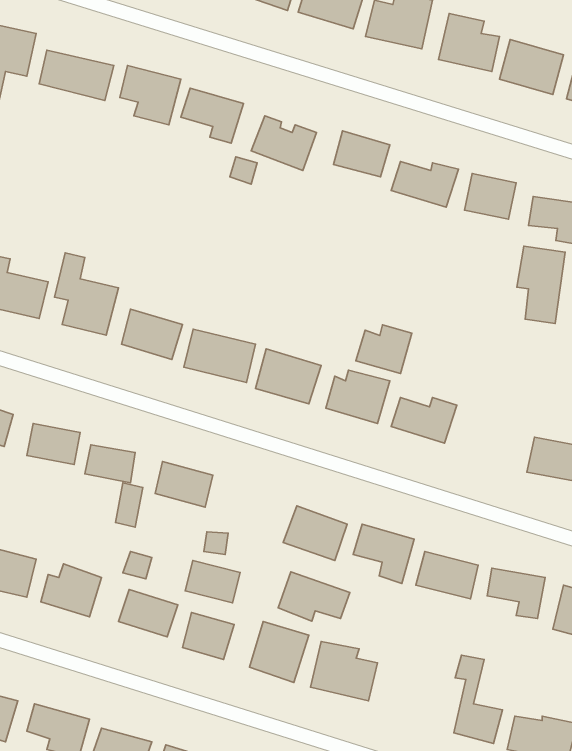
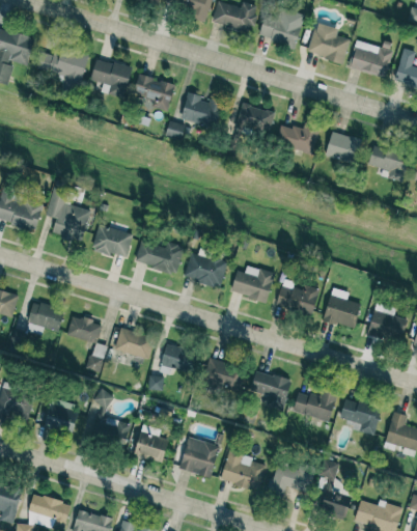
building: [517,246,565,324] -> none
building: [356,325,412,374] -> none
building: none -> [324,287,361,329]
building: [185,560,240,603] -> [161,344,198,373]
building: [278,572,350,621] -> none
building: none -> [269,459,315,496]

